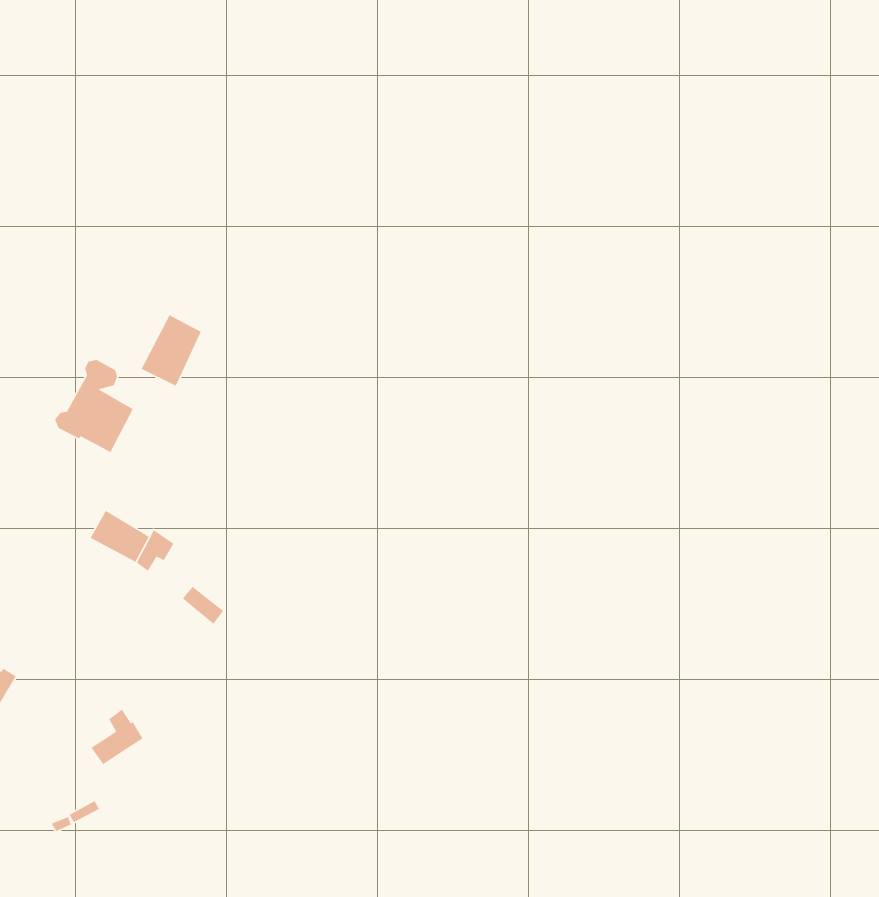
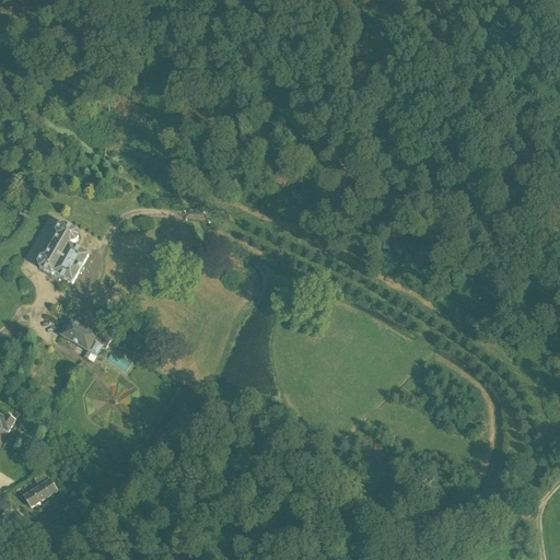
building: [141,314,202,387] -> none
building: [90,708,144,765] -> [22,469,55,504]

